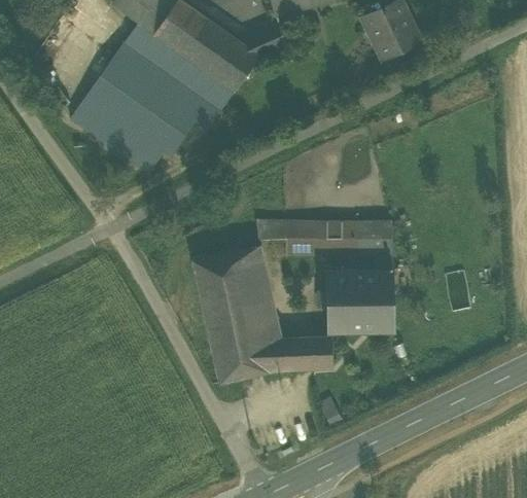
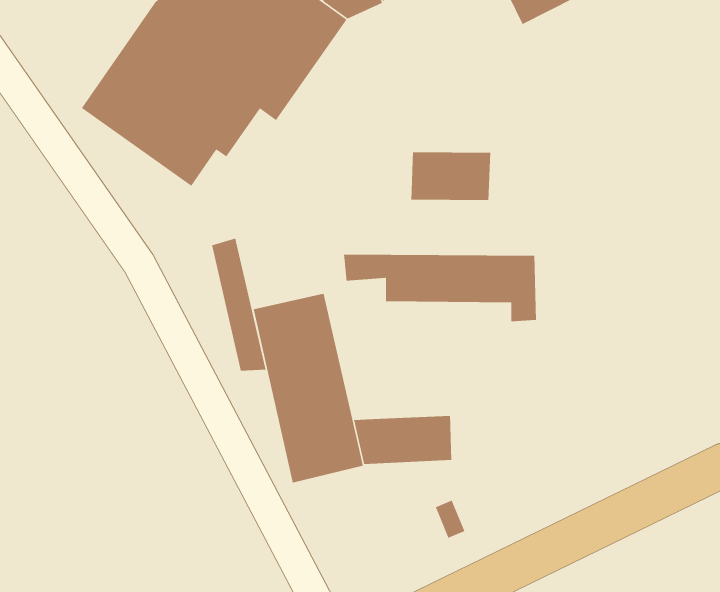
building: none -> [410,152,491,201]
building: [242,244,281,339] -> [211,238,266,371]
building: [325,269,394,331] -> none

